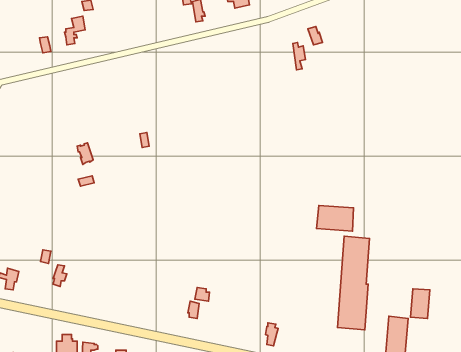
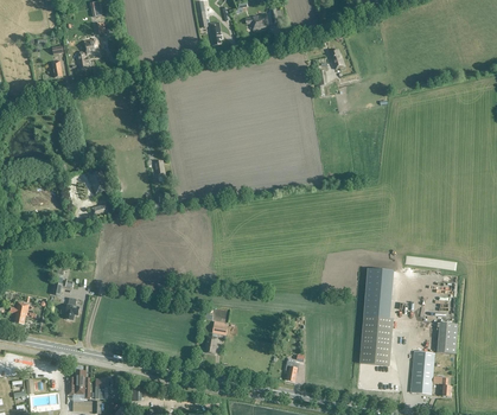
building: [316,205,354,231] -> none

